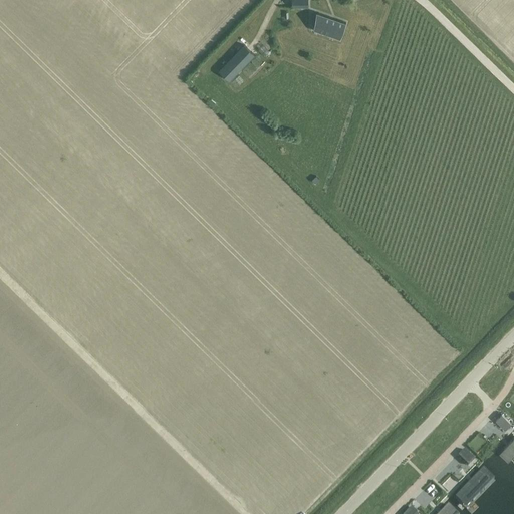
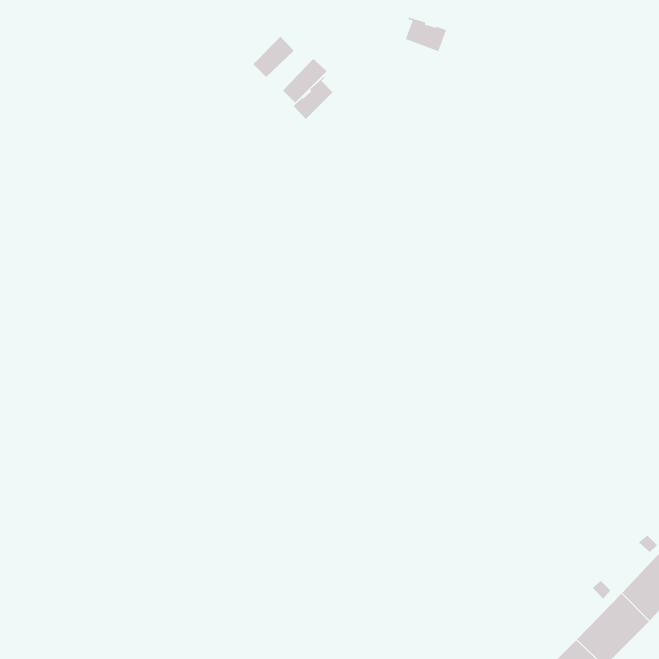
building: none -> [252,36,295,78]
building: none -> [293,76,334,120]

